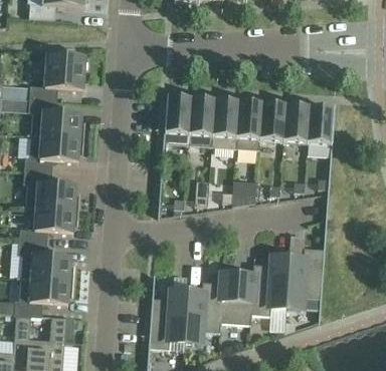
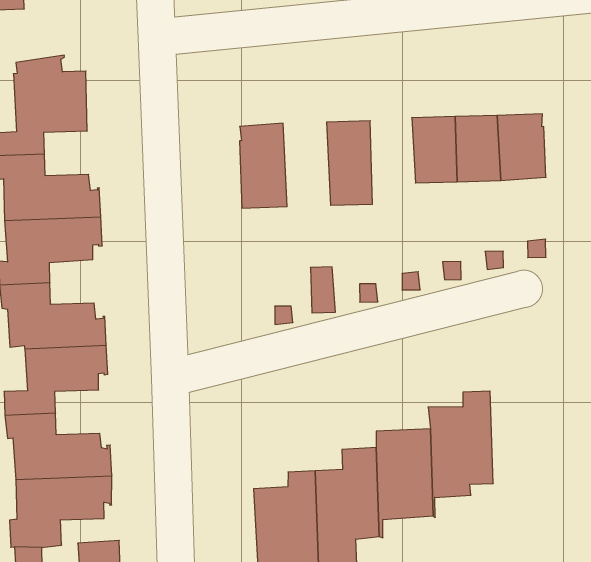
building: [188,96,215,144] -> none
building: [235,100,262,147] -> none
building: [284,246,325,310] -> none

